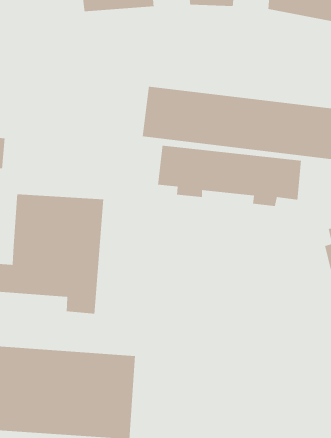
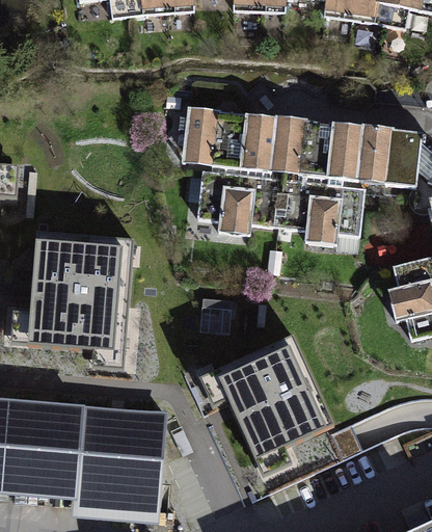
building: none -> [194,331,331,477]

